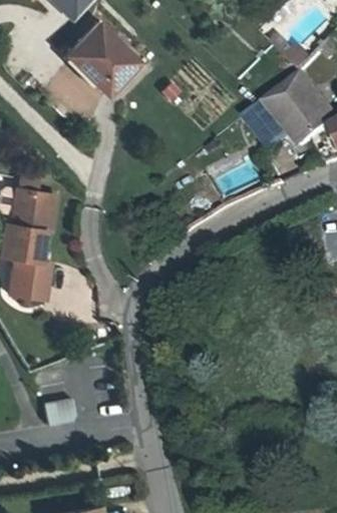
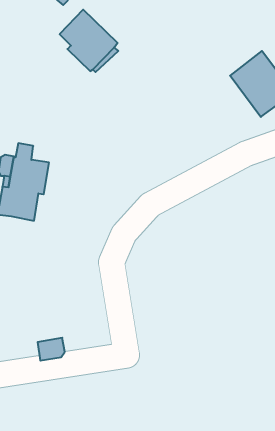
building: [242,105,284,151] -> none
building: [8,255,50,298] -> none

